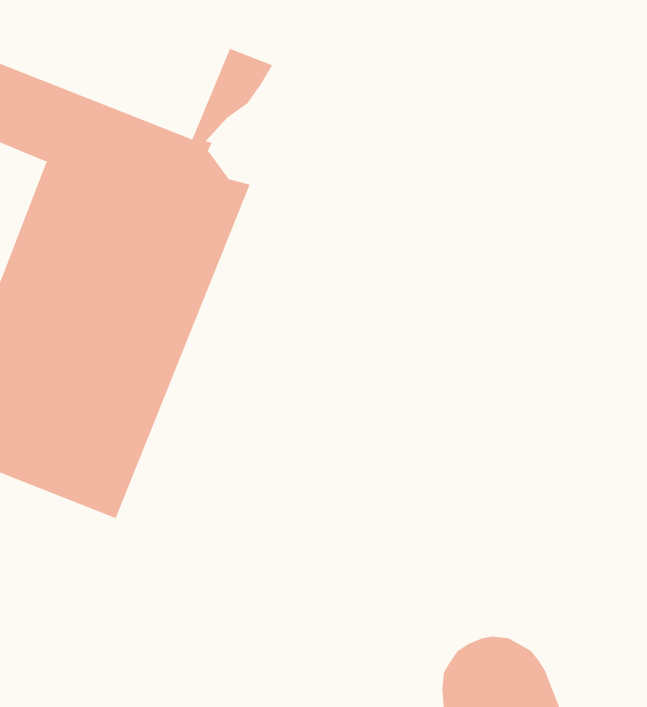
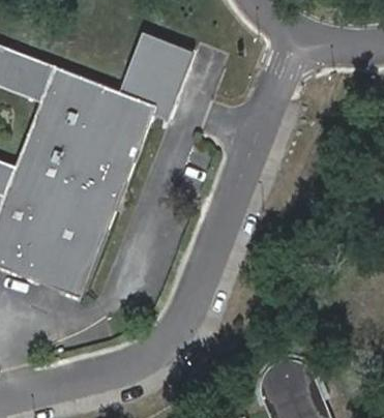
building: none -> [129,33,198,122]

